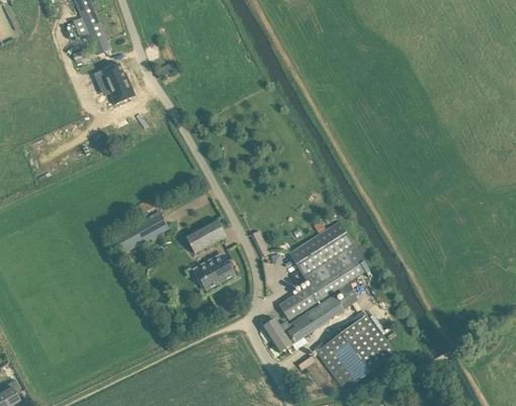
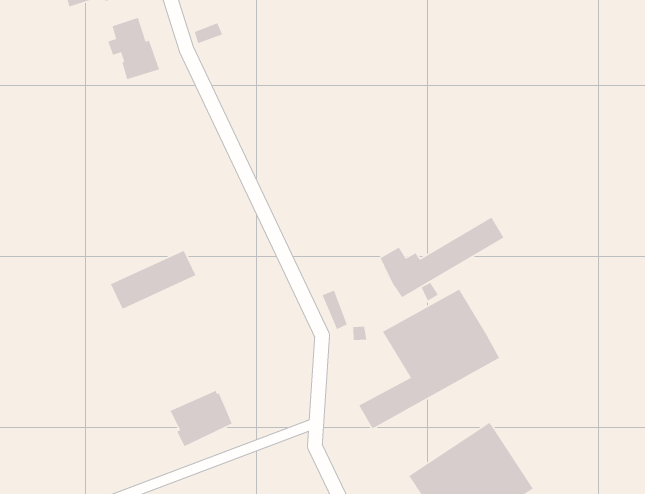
building: [186,220,227,252] -> none
building: [195,255,237,294] -> [170,390,233,447]
building: [262,295,342,351] -> [380,217,504,298]

